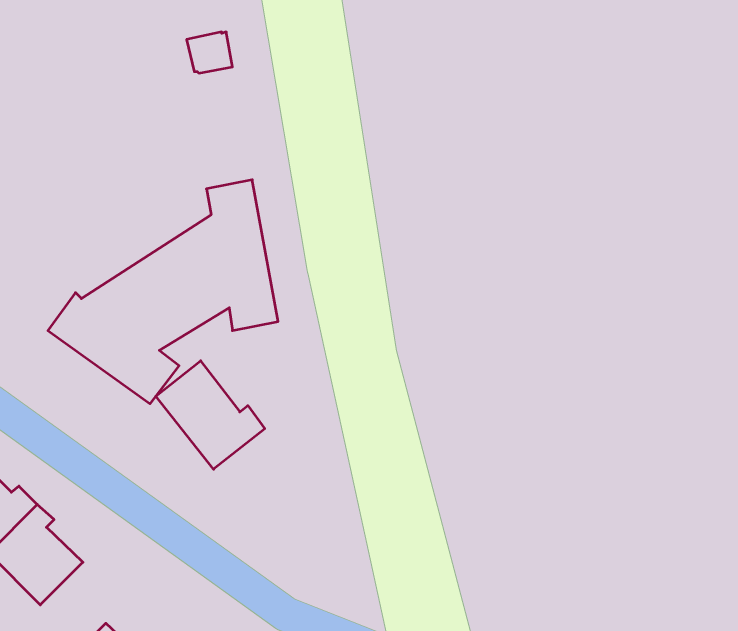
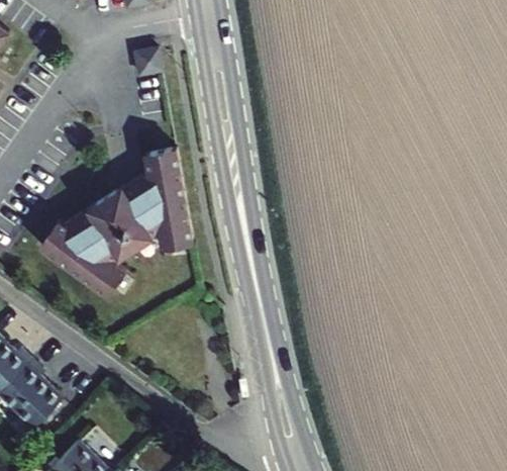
building: [156,361,265,469] -> none

